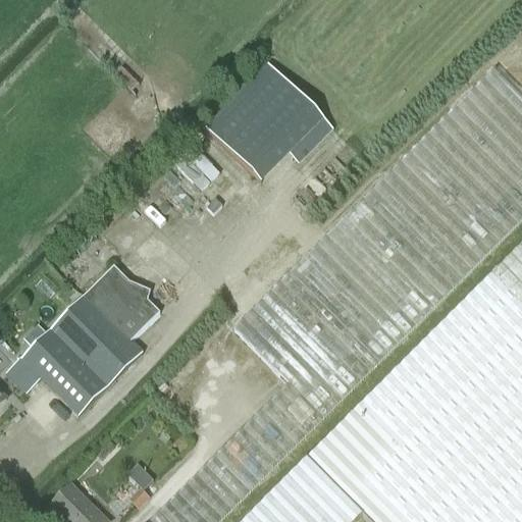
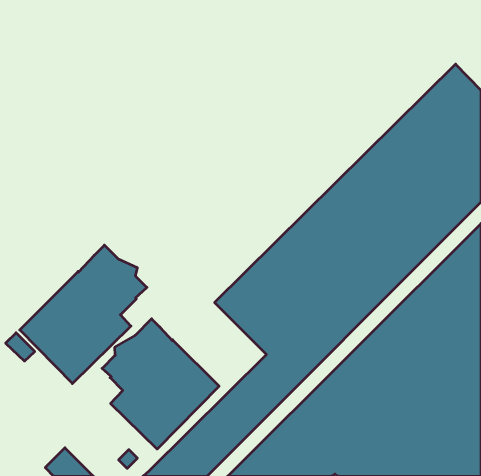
building: [205,63,332,180] -> none
building: none -> [102,319,219,449]

